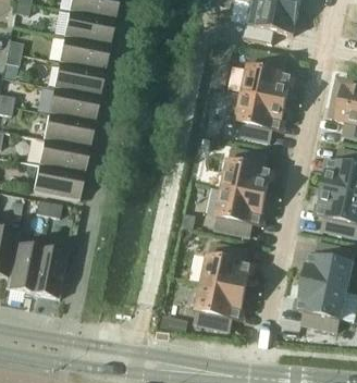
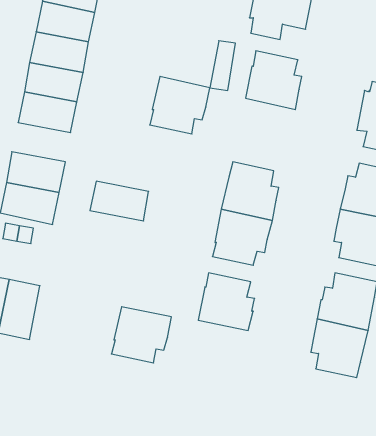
building: [233,92,284,141] -> [150,76,210,134]
building: [42,113,93,147] -> [90,181,149,221]
building: [193,282,244,330] -> [111,307,171,363]

